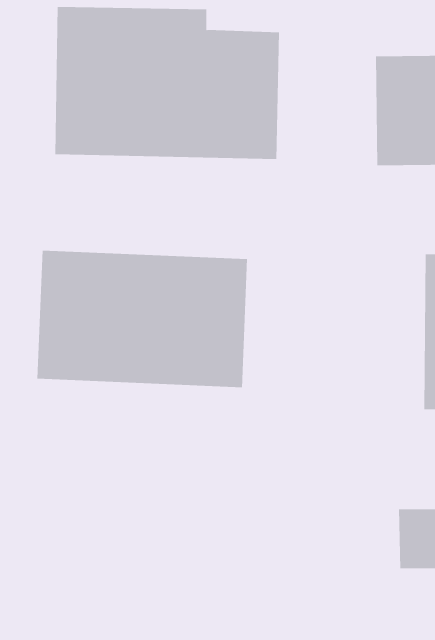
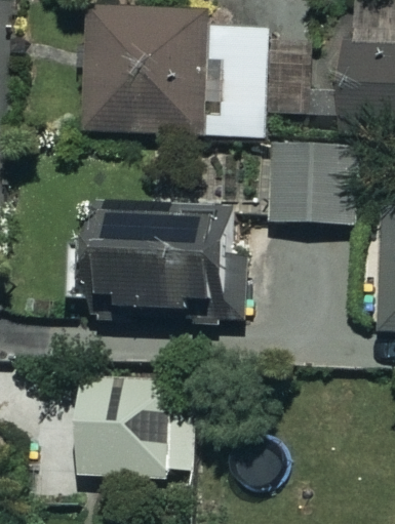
building: none -> [271,145,351,223]
building: none -> [80,373,194,479]

